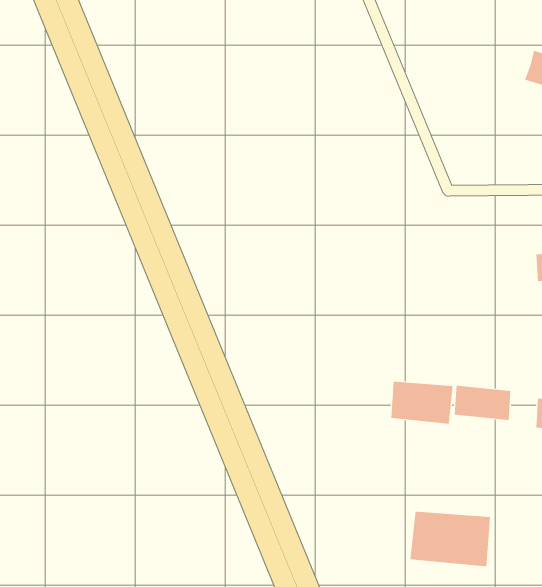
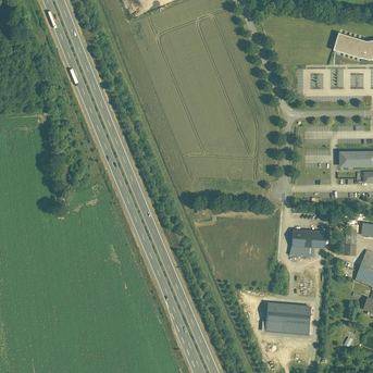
building: [391,381,453,424] -> none

